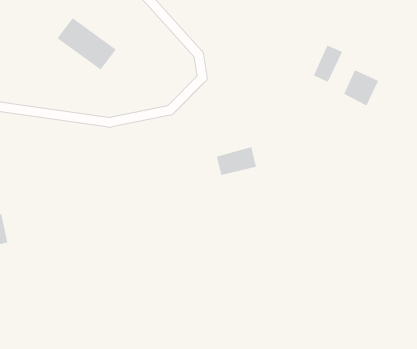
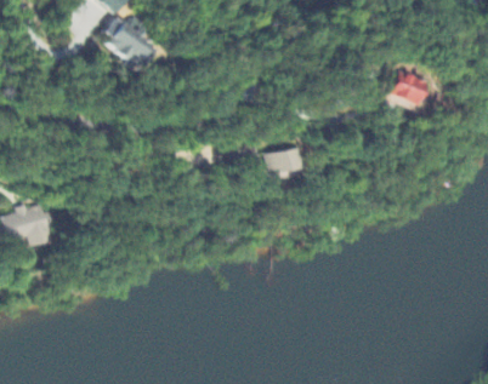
building: [313,44,343,83] -> none

